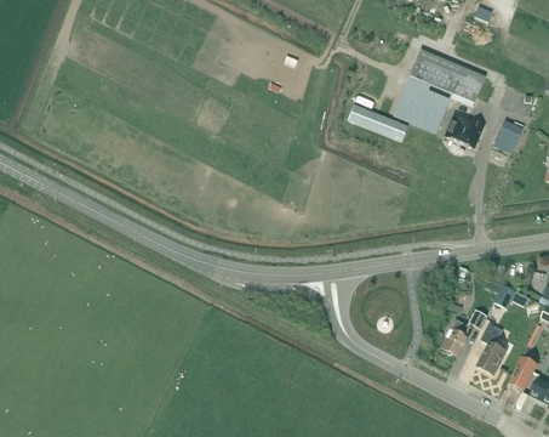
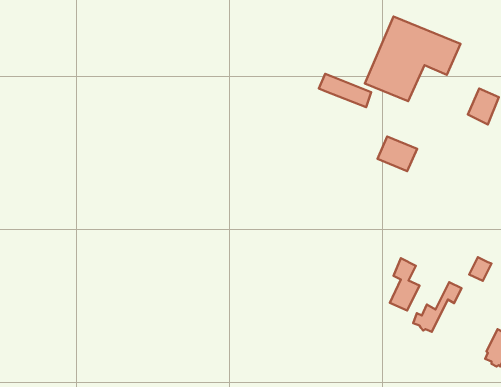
building: [445,113,484,147] -> [377,136,417,171]
building: [476,323,505,374] -> [390,258,420,310]

